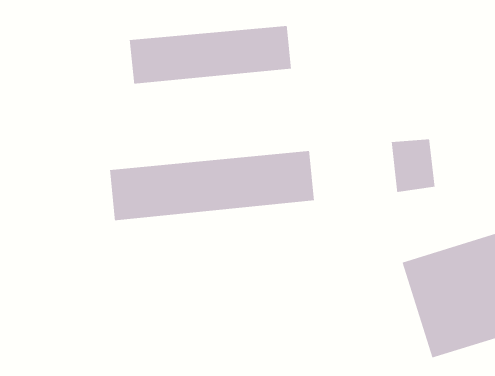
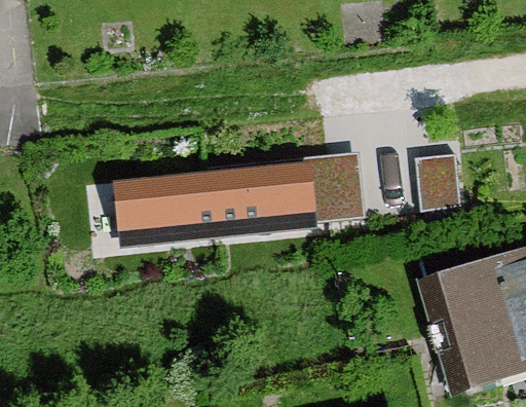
building: [129,25,292,85] -> none

